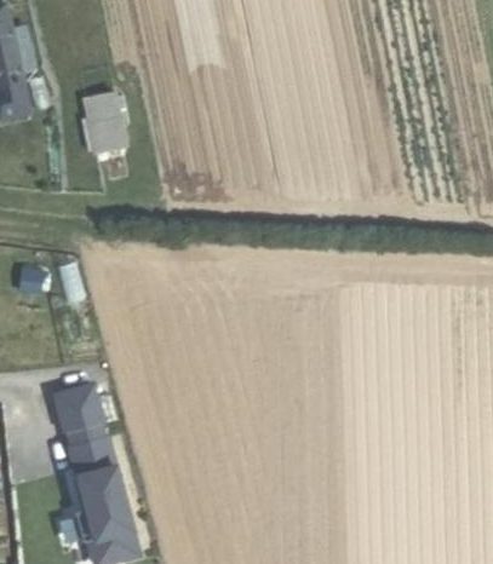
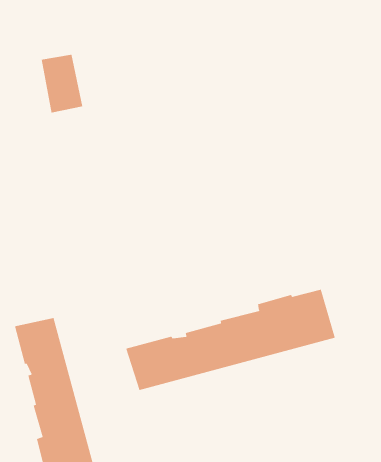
building: none -> [125,289,336,391]

